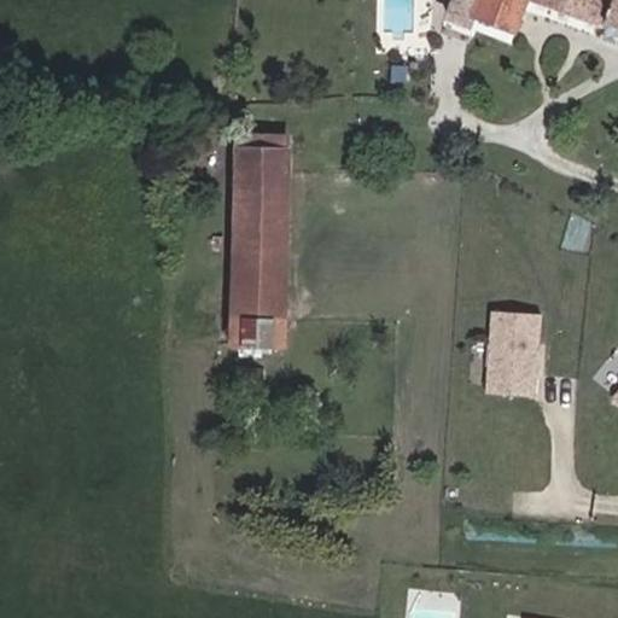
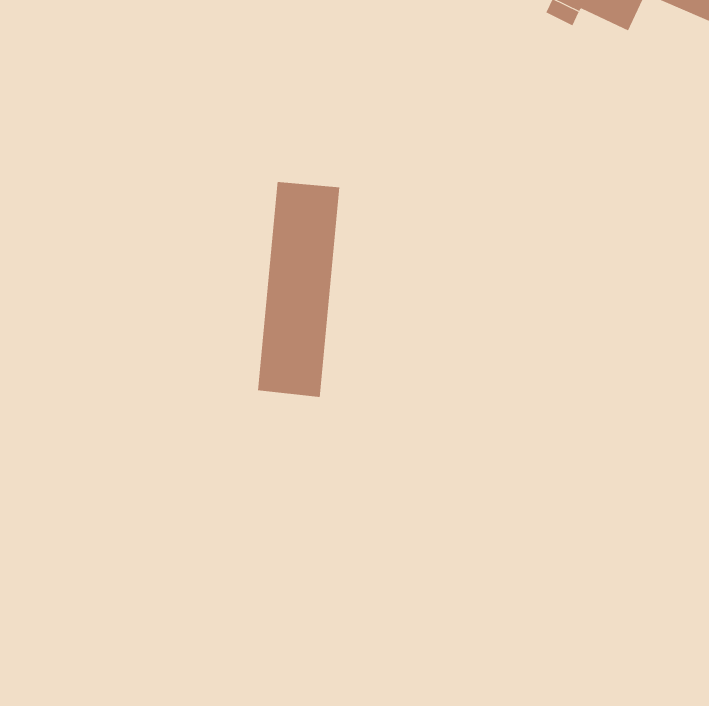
building: [235,135,288,173] -> none
building: [485,309,541,393] -> none

